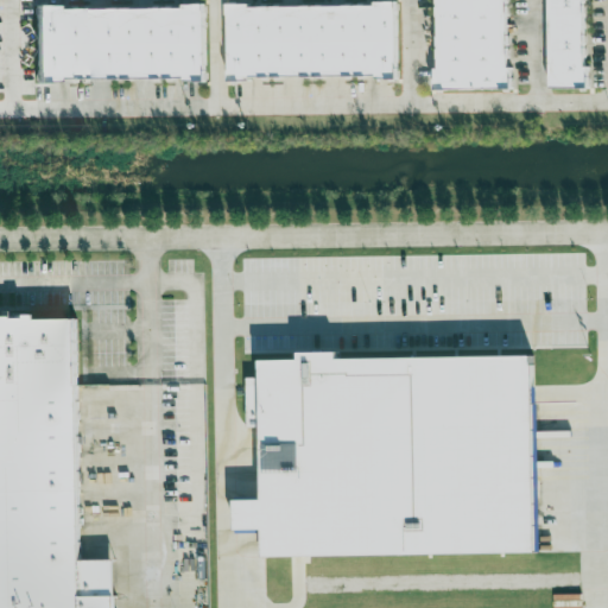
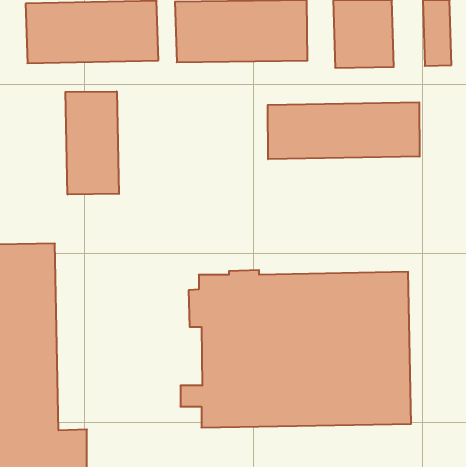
building: none -> [65,91,119,195]
building: none -> [268,102,420,159]

